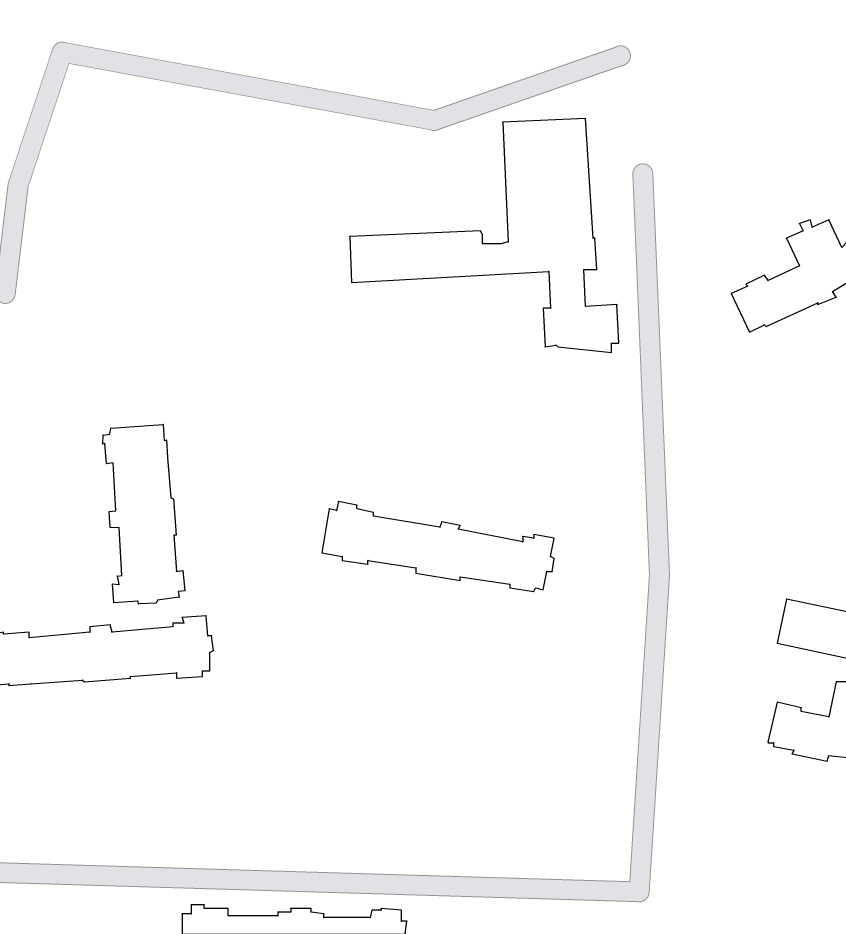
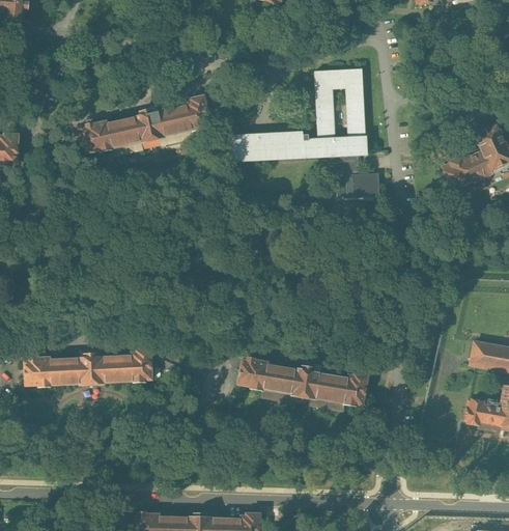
building: none -> [80,97,209,156]
building: [103,424,185,604] -> none
building: [322,501,554,592] -> [233,355,364,406]

